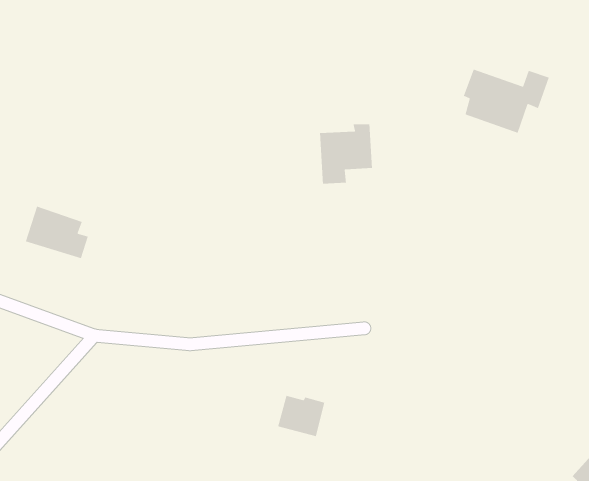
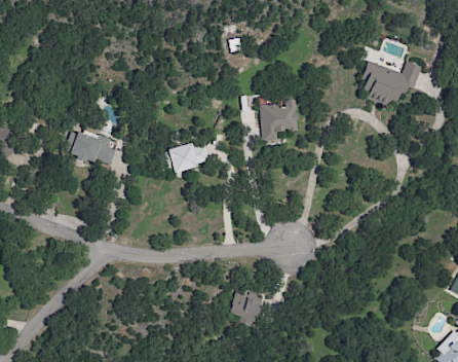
building: none -> [167,142,209,173]
building: [25,206,89,259] -> [70,129,115,167]

